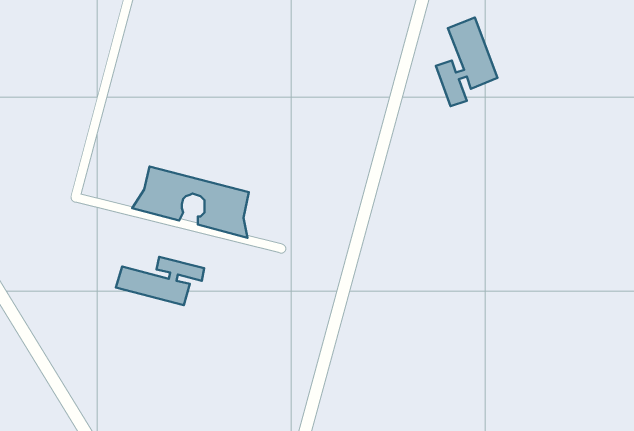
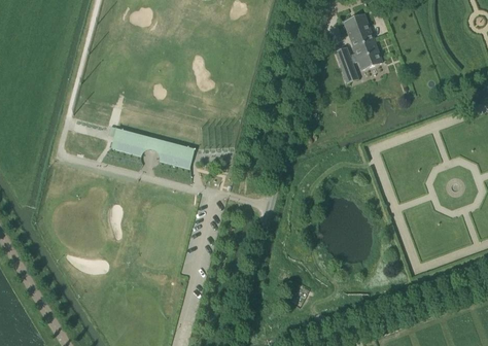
building: [116,257,204,305] -> none

